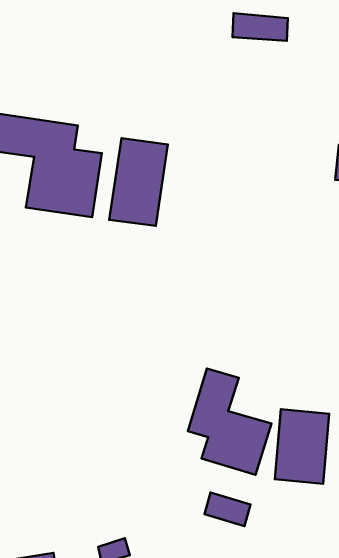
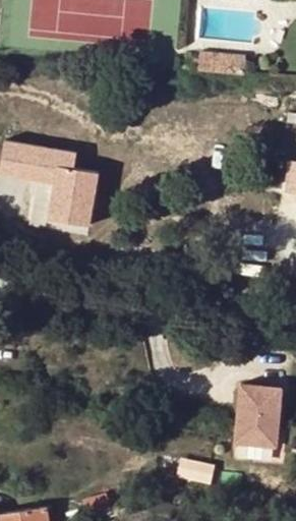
building: [109,138,168,226] -> none
building: [188,368,271,475] -> none

